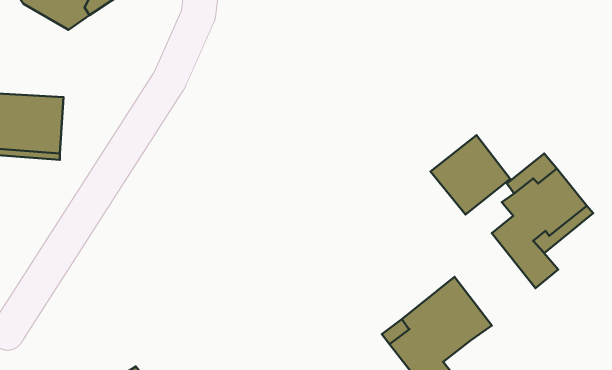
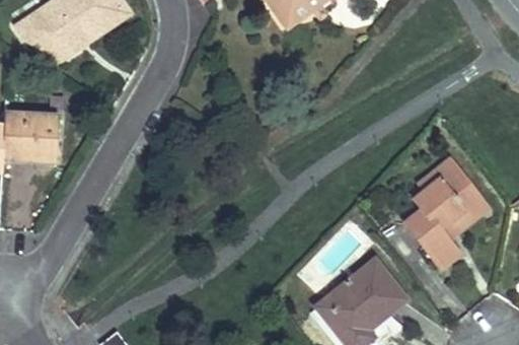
building: [430,135,510,214] -> none

